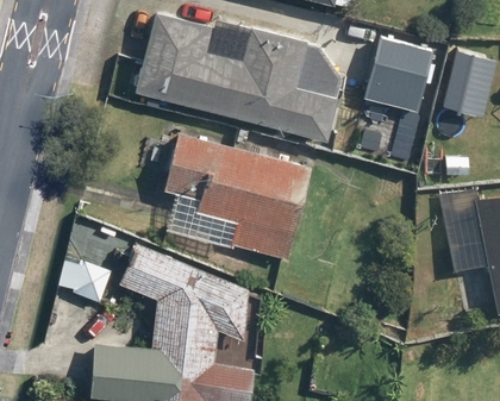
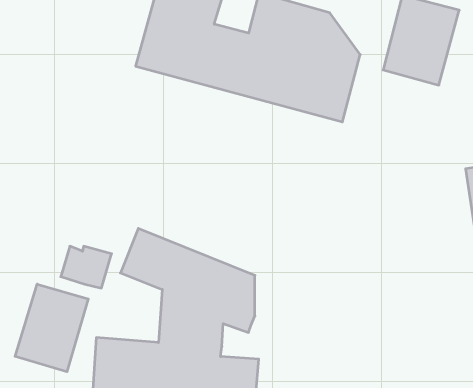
building: [165,134,310,262] -> none
building: none -> [15,284,88,372]

